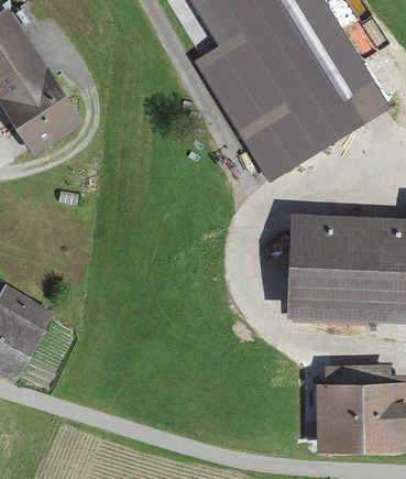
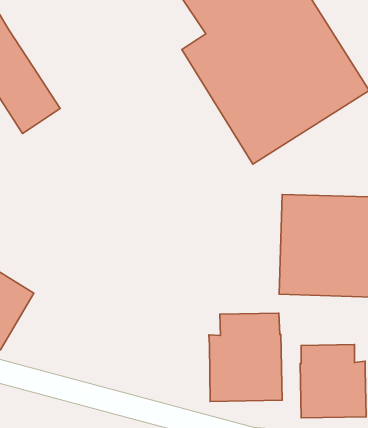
building: none -> [209,313,282,402]

